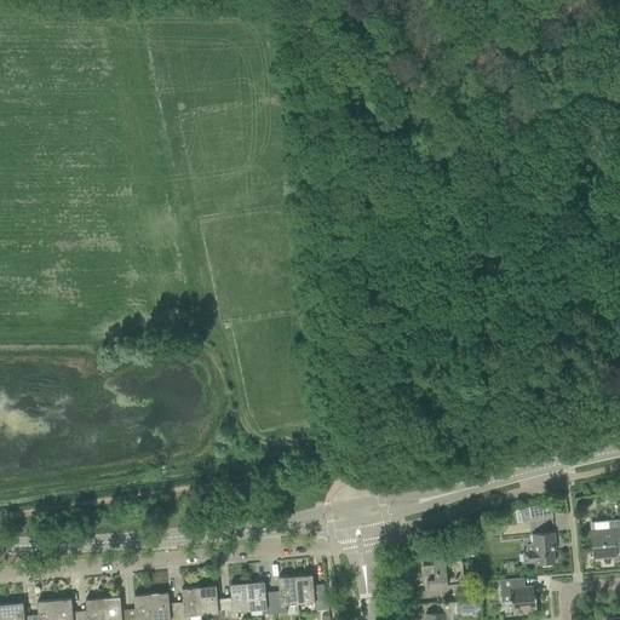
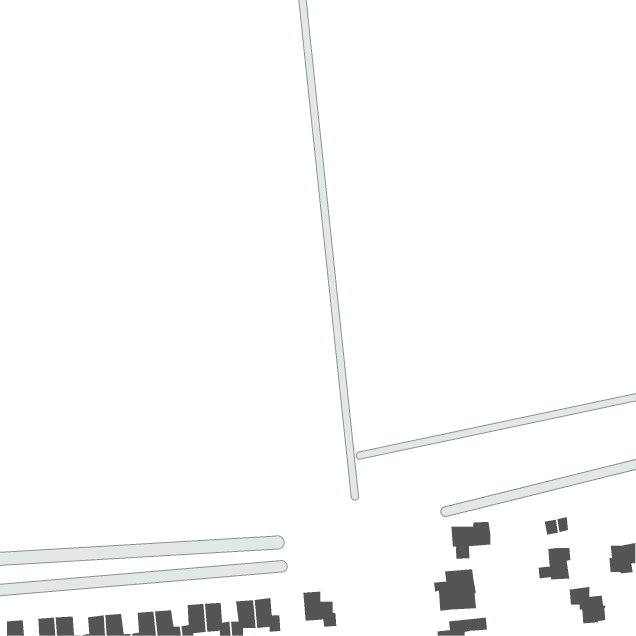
building: none -> [451,521,491,559]
building: [272,576,297,614] -> none
building: [500,578,536,614] -> [569,586,606,624]

